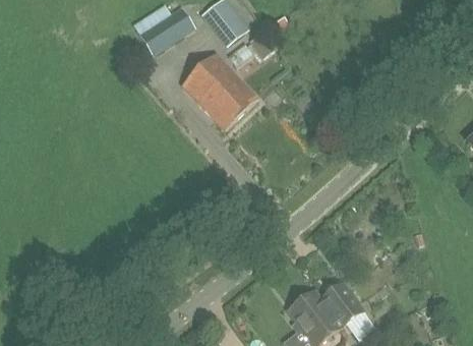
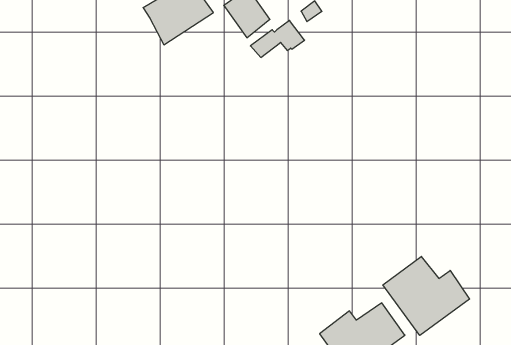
building: [181,52,257,128] -> none
building: none -> [383,256,470,335]

